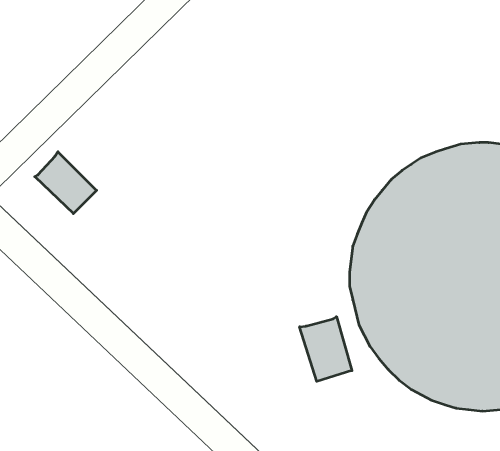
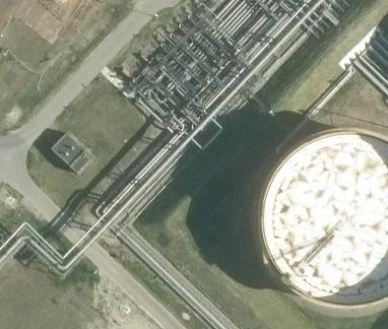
building: [300,317,352,381] -> none

